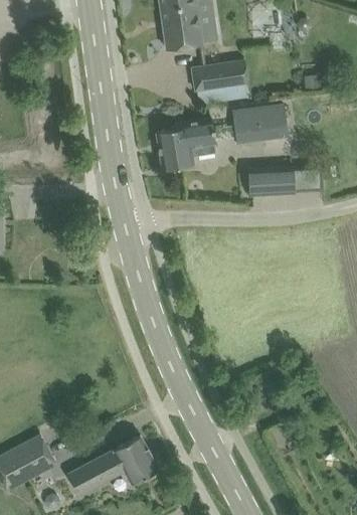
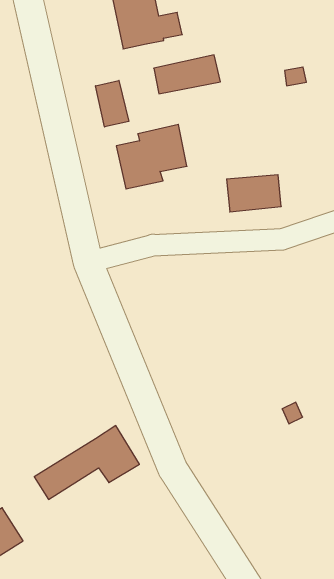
building: none -> [96,80,129,127]
building: [231,106,287,144] -> none
building: [67,436,158,495] -> [34,426,139,499]

